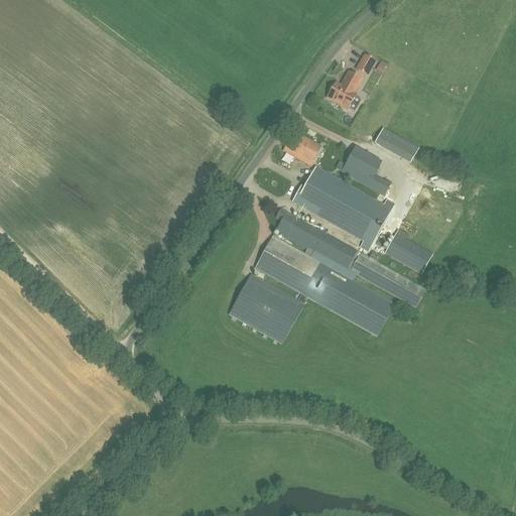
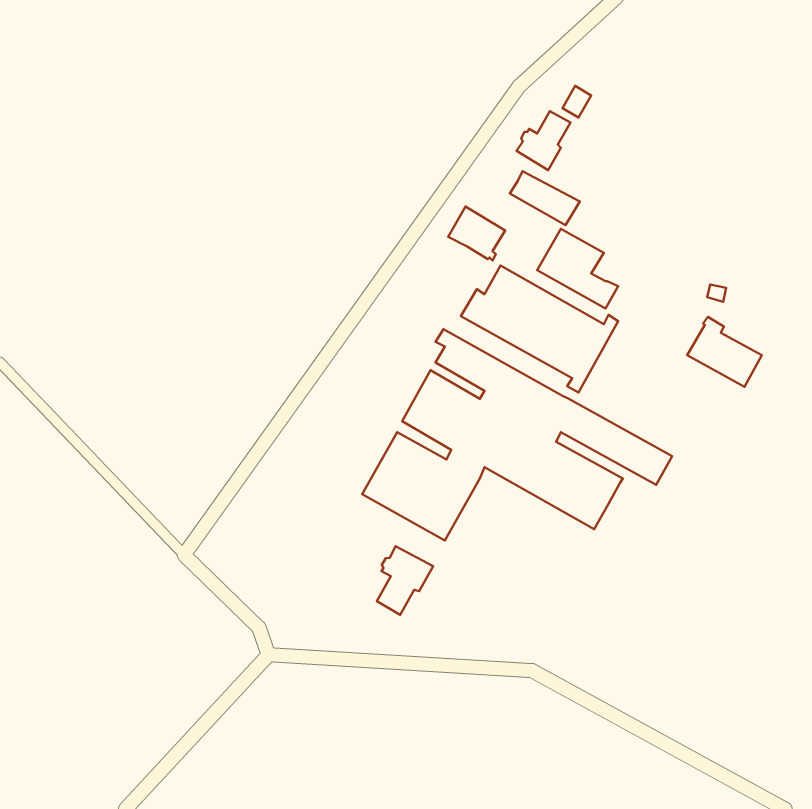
building: [375,128,419,162] -> [510,171,580,225]
building: [385,229,432,273] -> [687,317,762,387]
building: none -> [377,546,433,615]

